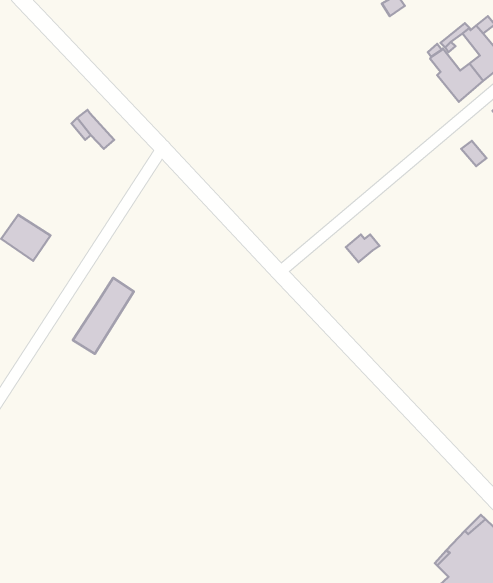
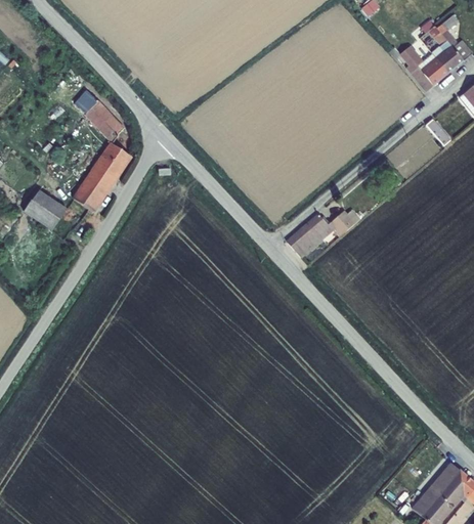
building: none -> [286,213,328,255]
building: [73,278,134,354] -> [74,143,128,211]

